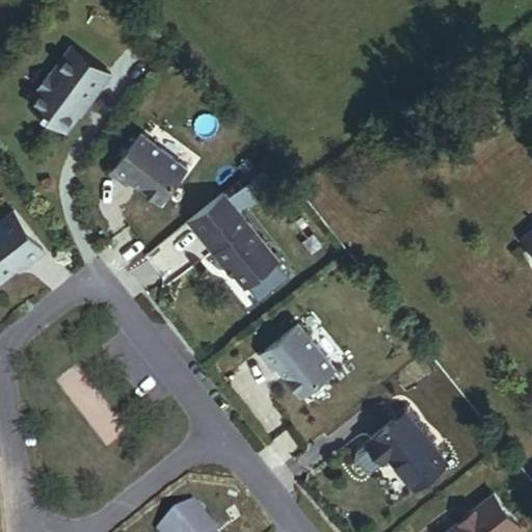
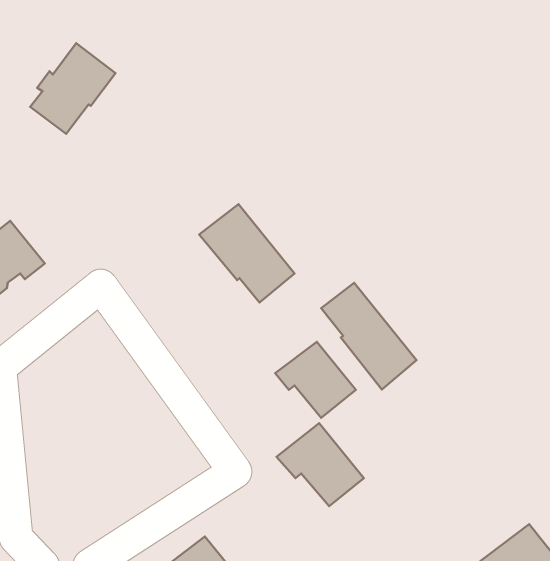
building: [110,135,185,204] -> none
building: none -> [321,283,416,390]
building: [366,413,447,489] -> [277,423,364,506]

